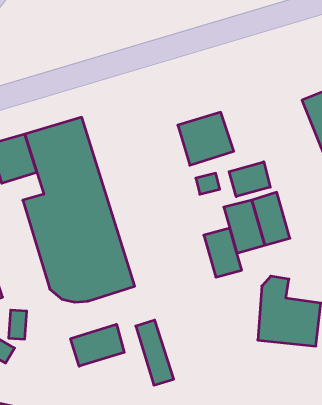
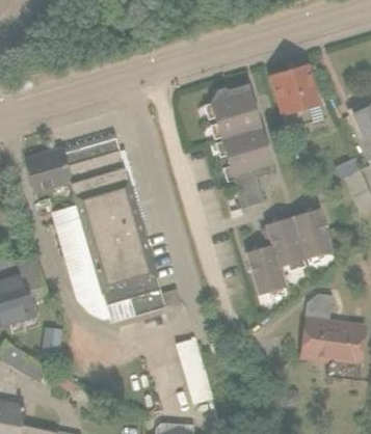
building: none -> [271,64,321,115]
building: none -> [205,80,262,135]
building: [229,162,270,197] -> none
building: [71,324,124,366] -> none

